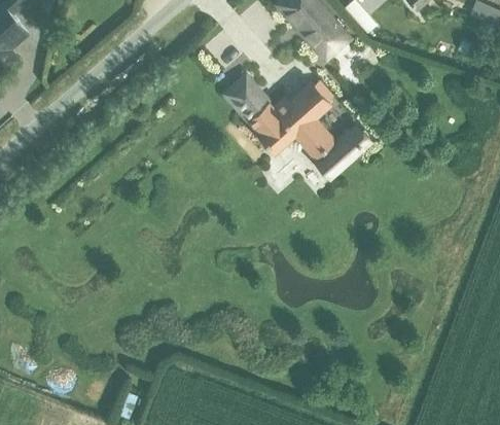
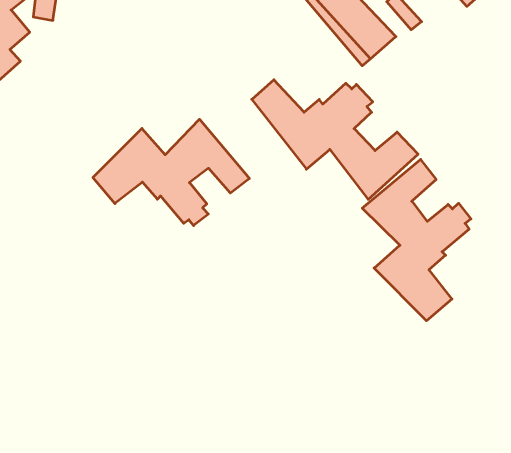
building: none -> [93,119,249,226]
building: none -> [362,159,471,321]

